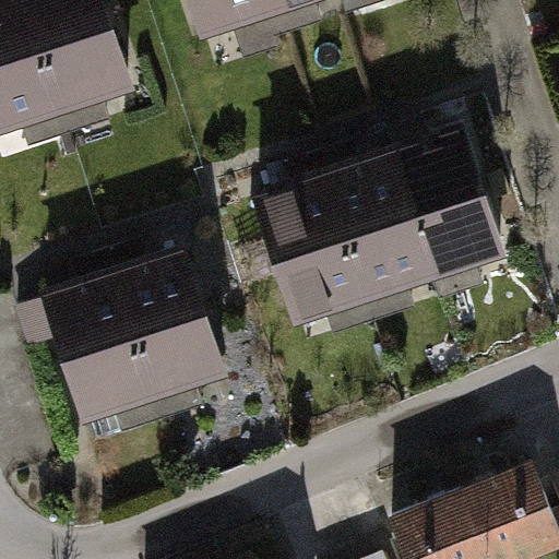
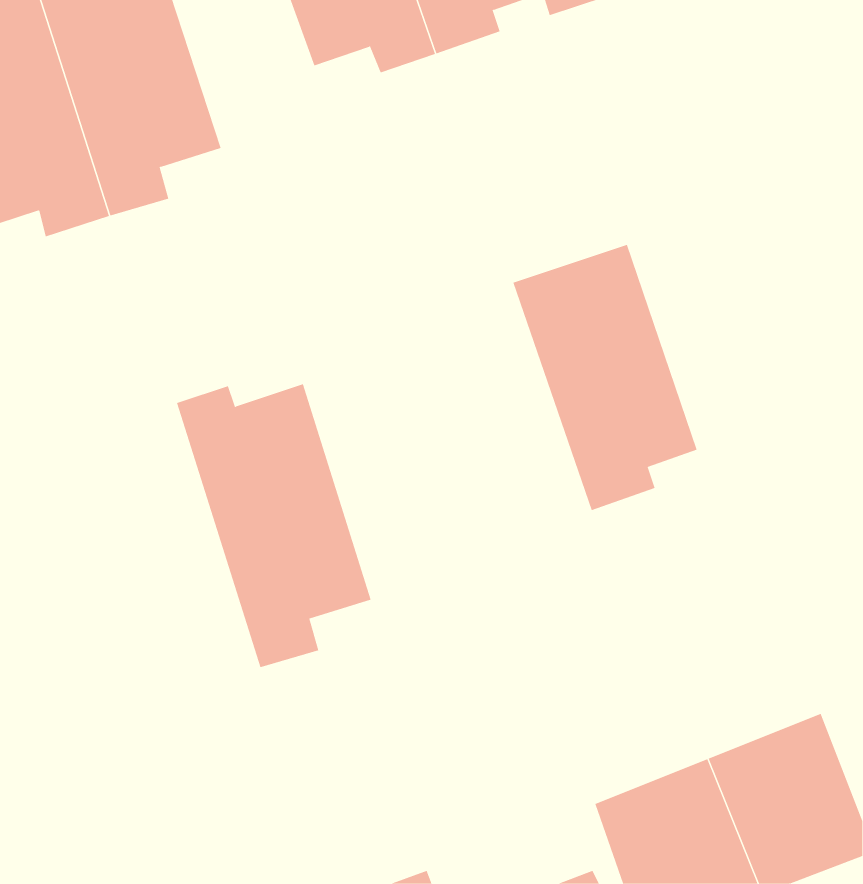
building: [393,129,508,296] -> none
building: [250,177,370,332] -> none
building: [37,252,163,431] -> none

